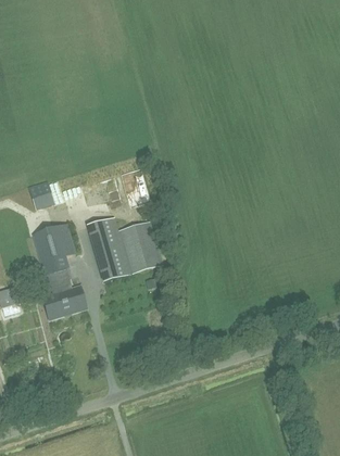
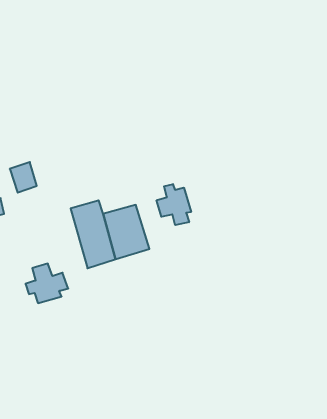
building: none -> [157,184,191,225]
building: [34,224,75,276] -> none

